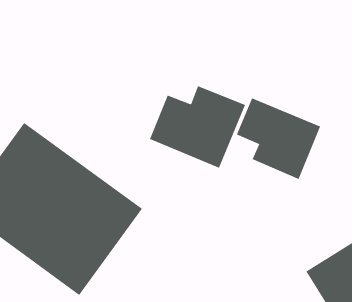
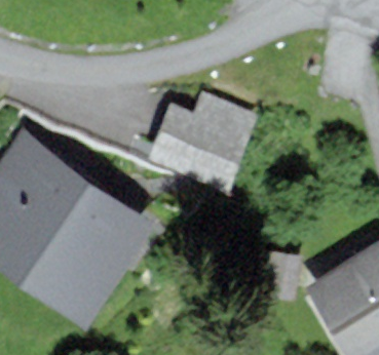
building: [236,98,321,180] -> none

